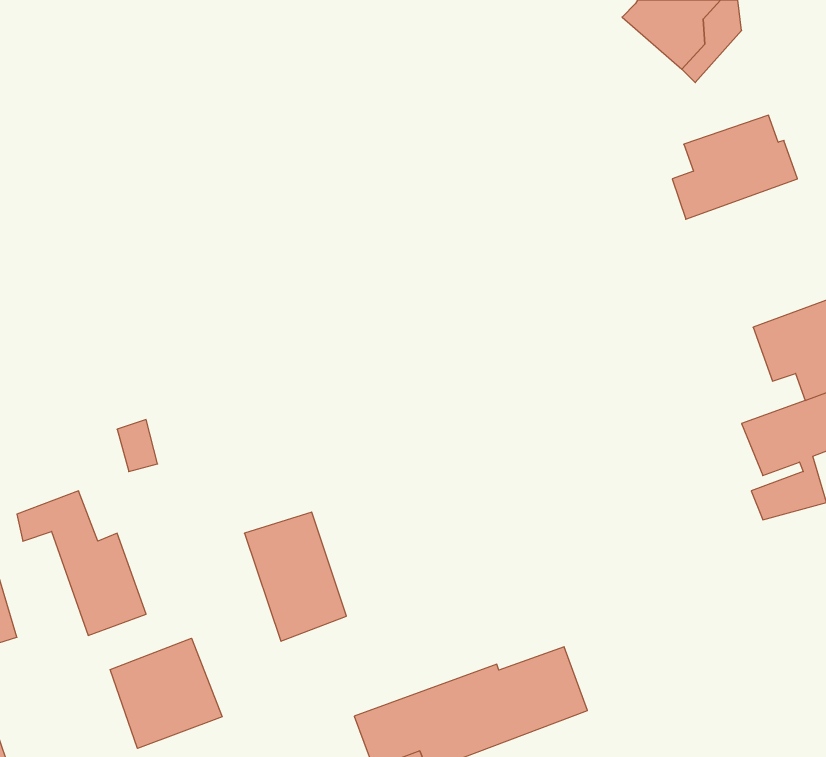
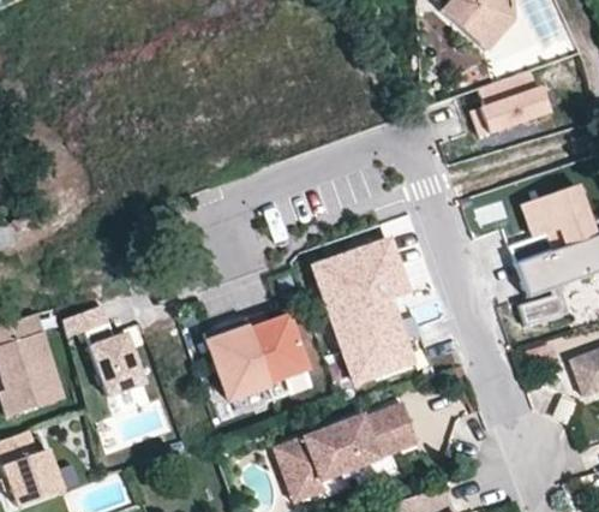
building: none -> [313,240,413,385]
building: none -> [247,314,309,385]
building: [110,638,222,748] -> none

